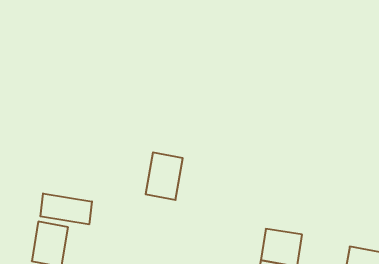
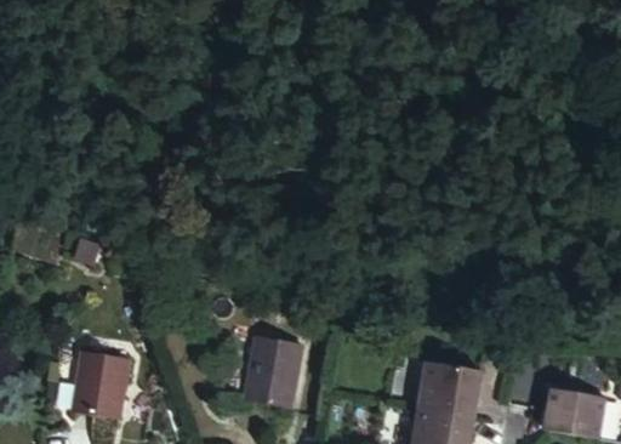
building: [146,152,183,200] -> [246,336,302,408]
building: [40,193,92,224] -> none

